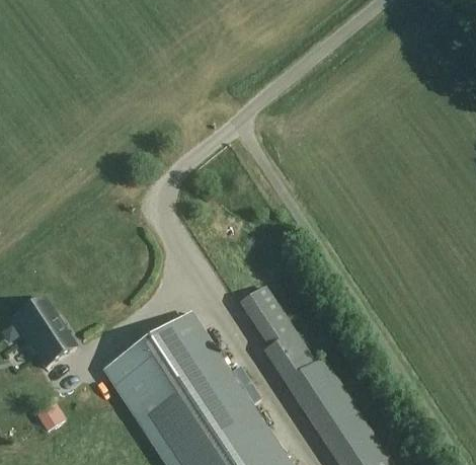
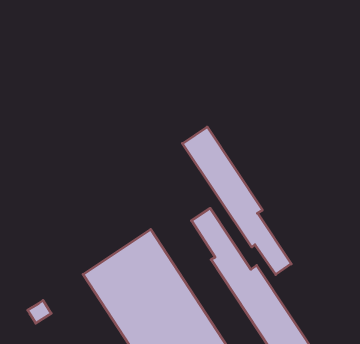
building: none -> [182,127,291,275]
building: [12,296,75,364] -> none

